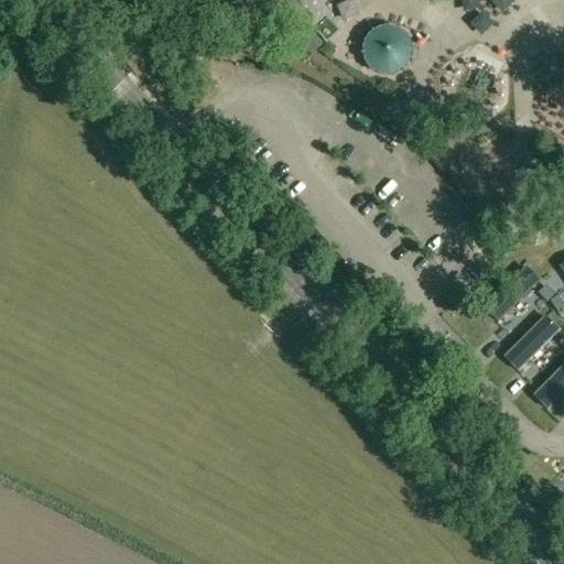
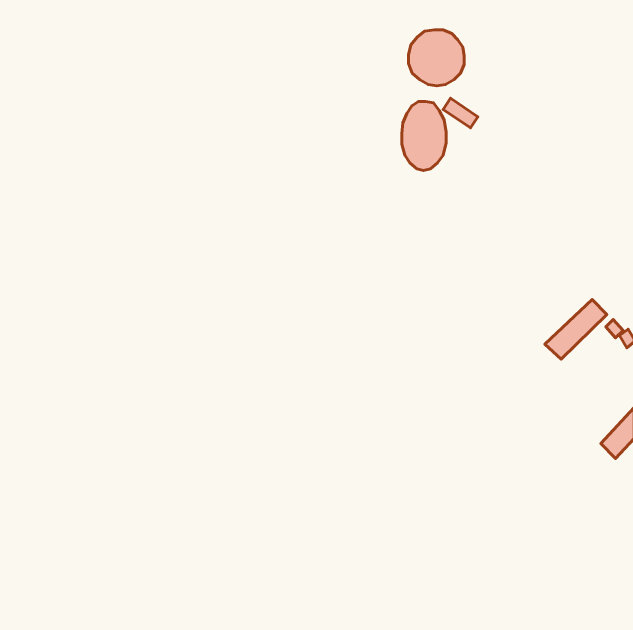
building: none -> [402,101,446,170]
building: [506,314,558,368] -> none

